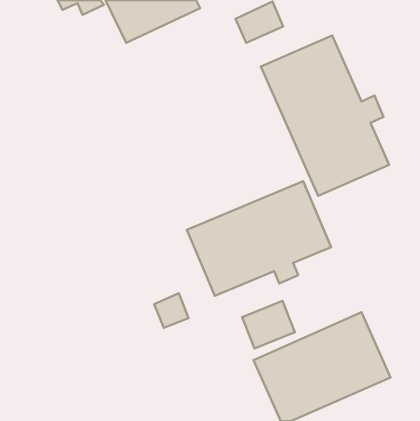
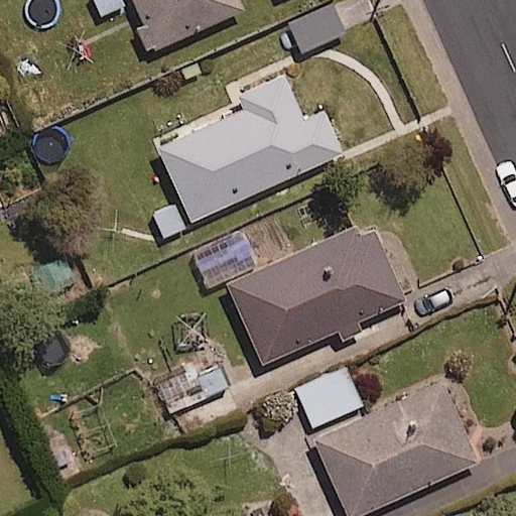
building: [261,36,389,196] -> none
building: none -> [159,76,339,220]

